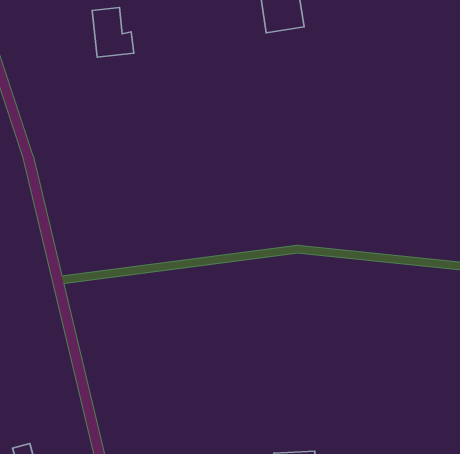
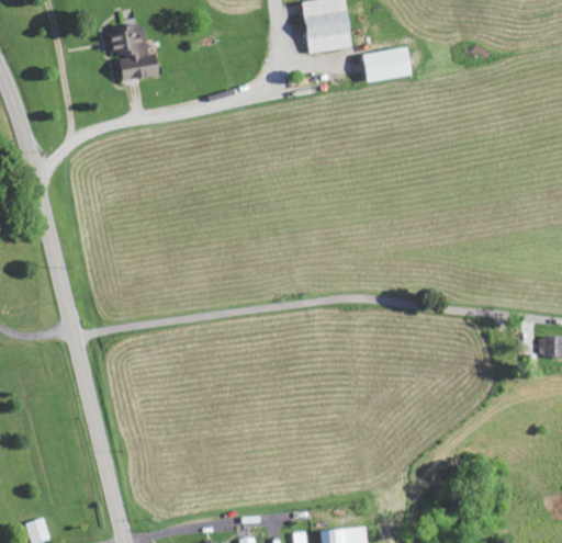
building: none -> [364,47,415,83]

